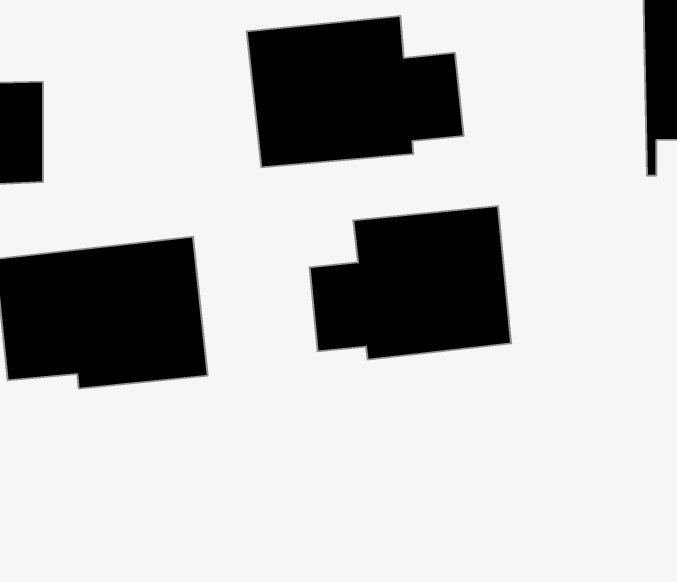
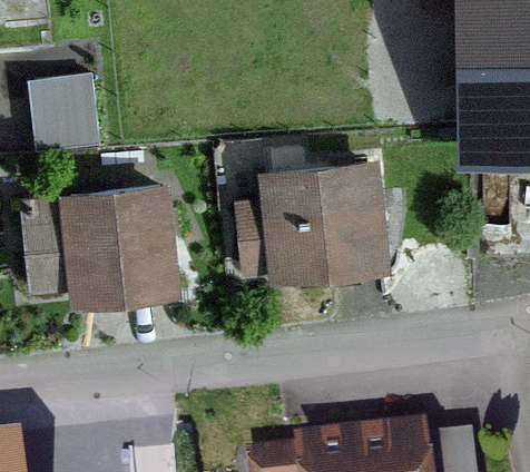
building: [247,16,463,167] -> none

